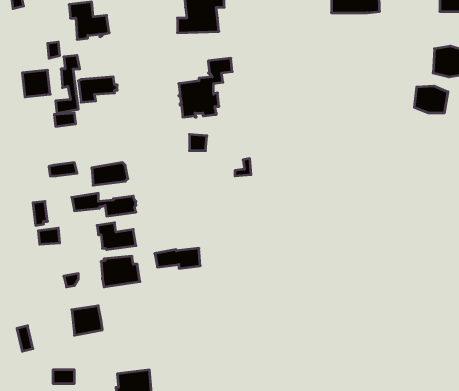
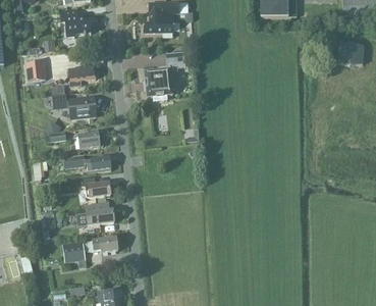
building: [414,86,448,113] -> none
building: none -> [67,96,96,117]
building: [155,248,200,268] -> [83,237,117,252]

